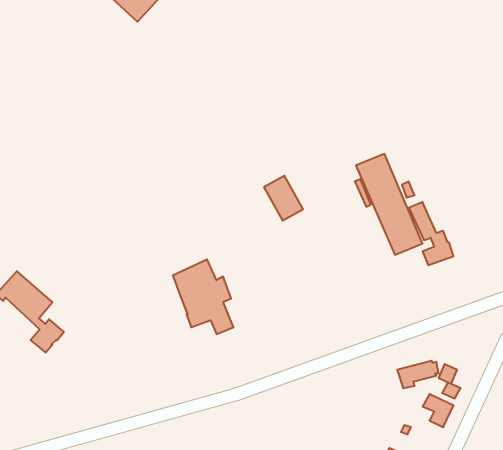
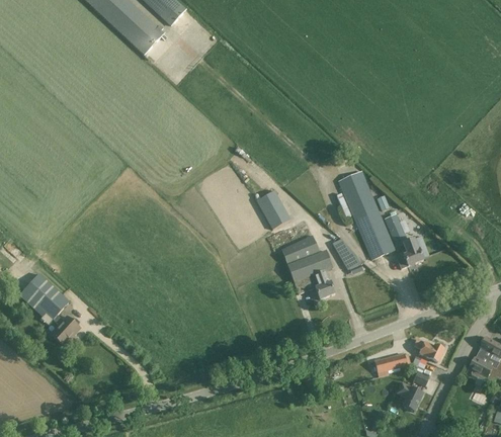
building: none -> [332,238,361,268]
building: [173,259,234,334] -> [281,234,335,299]
building: none -> [413,337,444,361]

